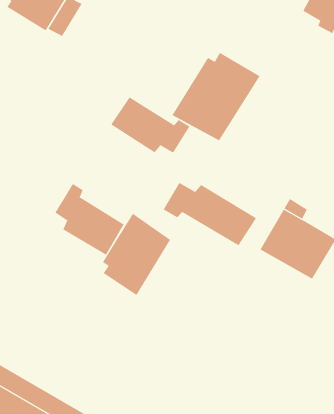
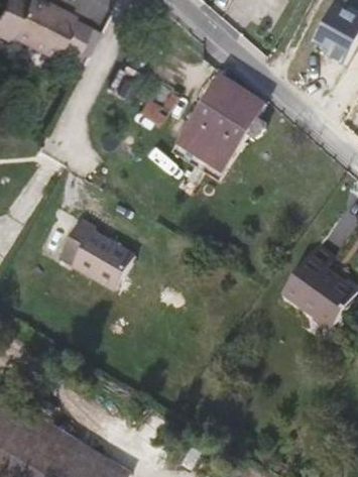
building: [111,96,190,153] -> none
building: [163,182,257,246] -> none
building: [102,213,171,296] -> none

